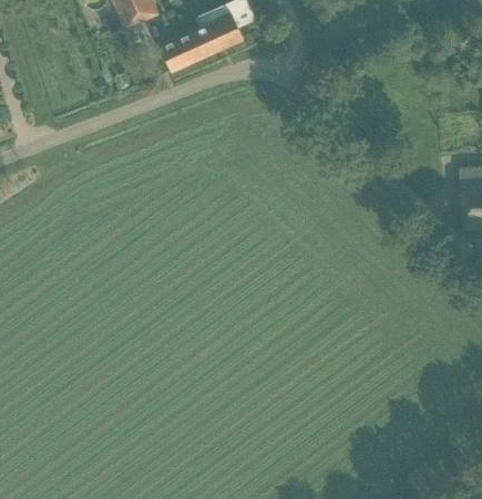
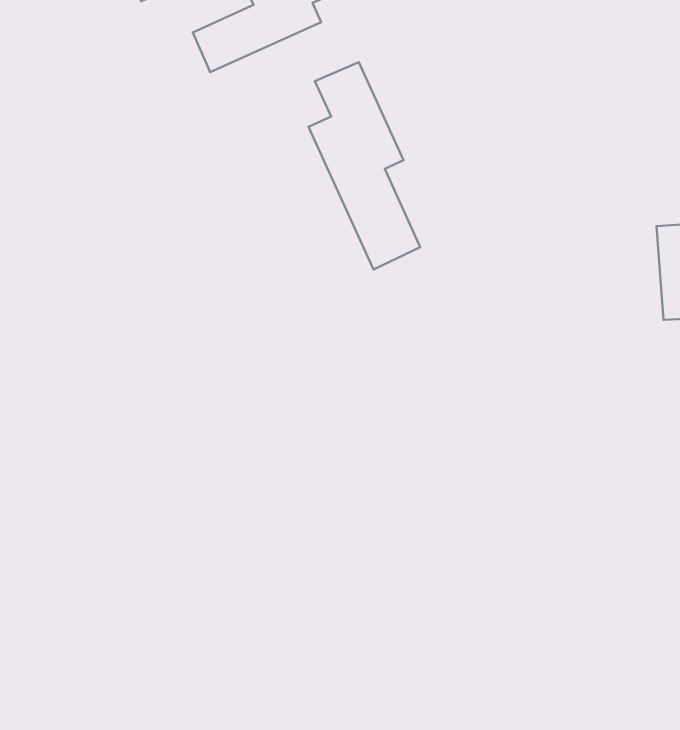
building: none -> [308,62,420,269]

